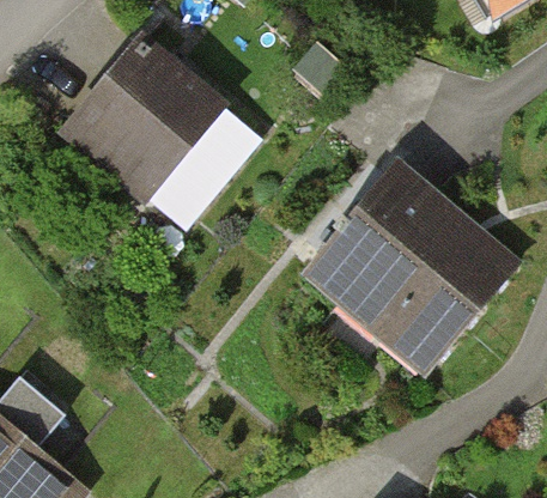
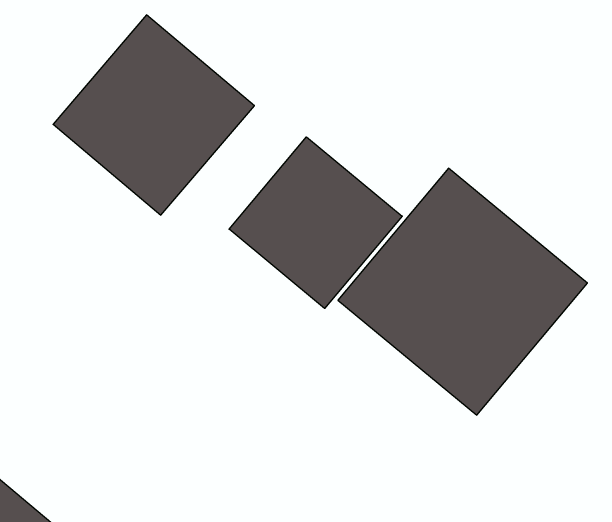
building: none -> [229,137,402,308]

